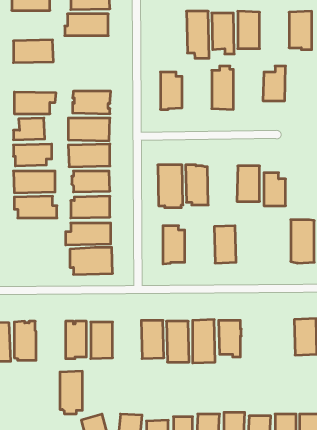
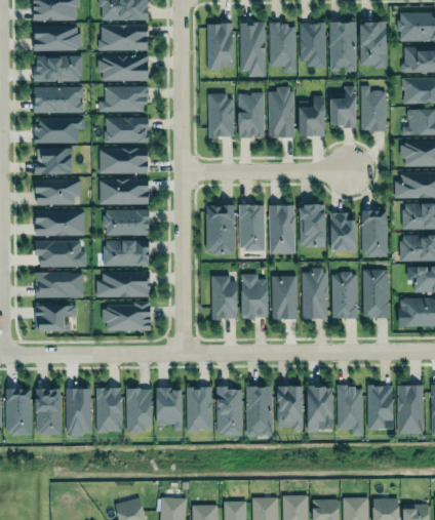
building: none -> [330,23,357,72]
building: none -> [207,24,233,70]
building: none -> [31,26,81,53]
building: none -> [97,55,149,81]
building: none -> [34,87,83,113]
building: none -> [98,87,149,113]
building: none -> [360,87,387,132]
building: none -> [238,94,265,139]
building: none -> [299,95,326,136]
building: none -> [269,203,296,255]
building: none -> [362,211,388,257]
building: none -> [302,269,327,319]
building: none -> [331,271,358,320]
building: none -> [35,274,83,298]
building: none -> [241,275,267,320]
building: none -> [34,305,78,333]
building: none -> [307,386,332,432]
building: none -> [338,386,363,435]
building: none -> [156,390,182,432]
building: [60,371,82,414] -> [65,388,91,438]

